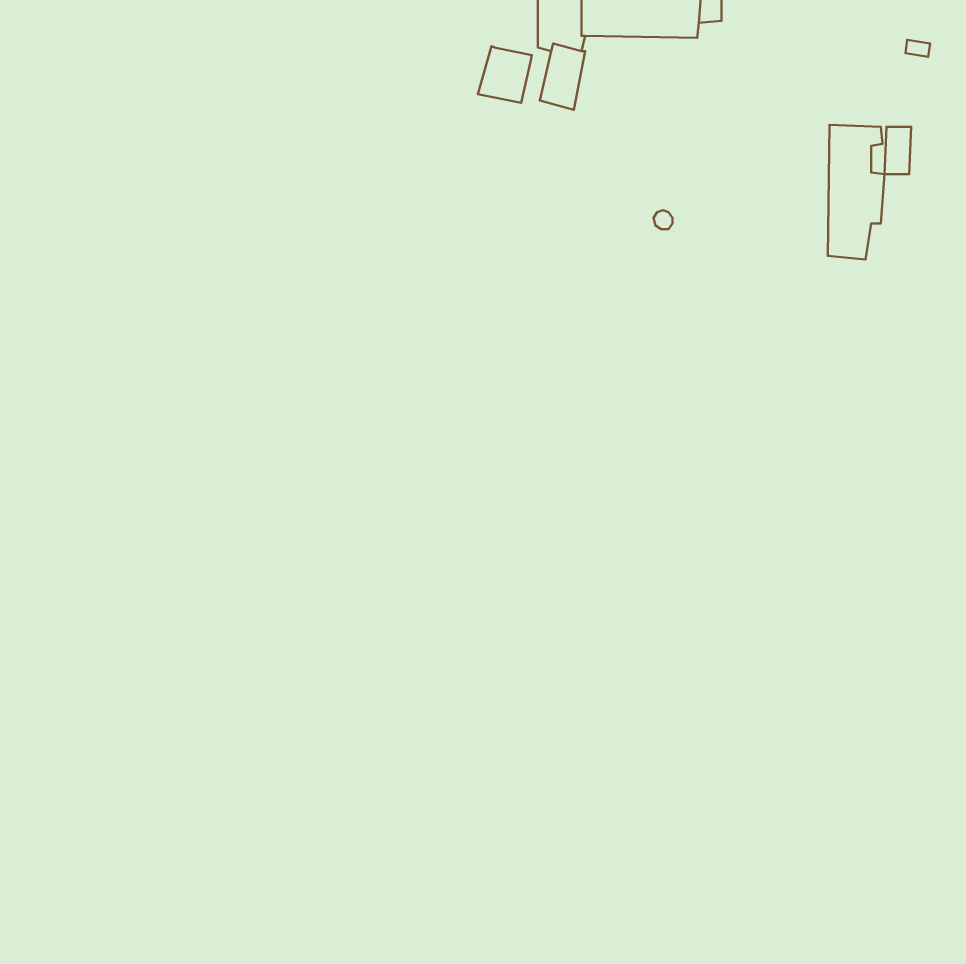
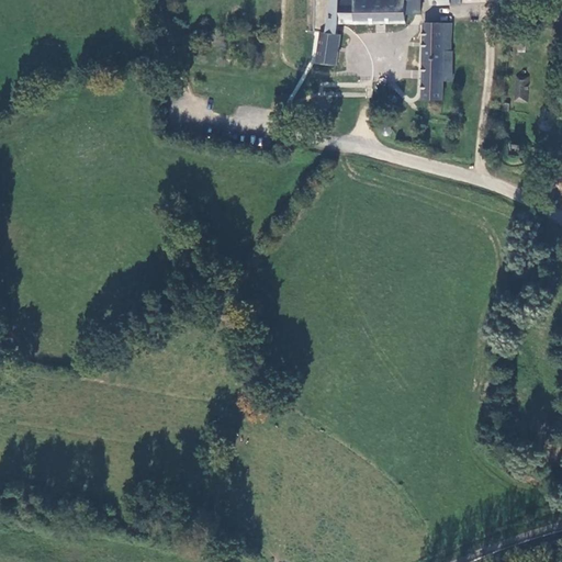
building: [478,46,532,103] -> none
building: [828,125,885,259] -> [422,21,454,99]

